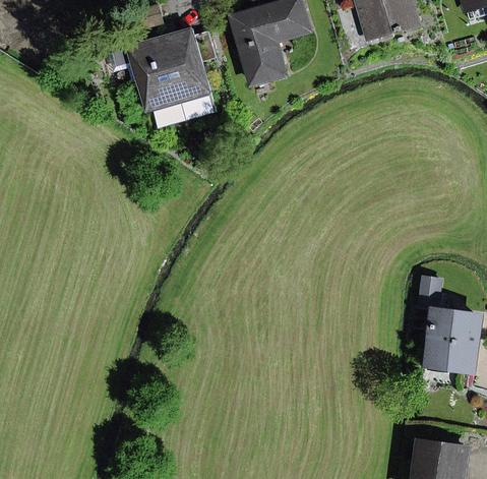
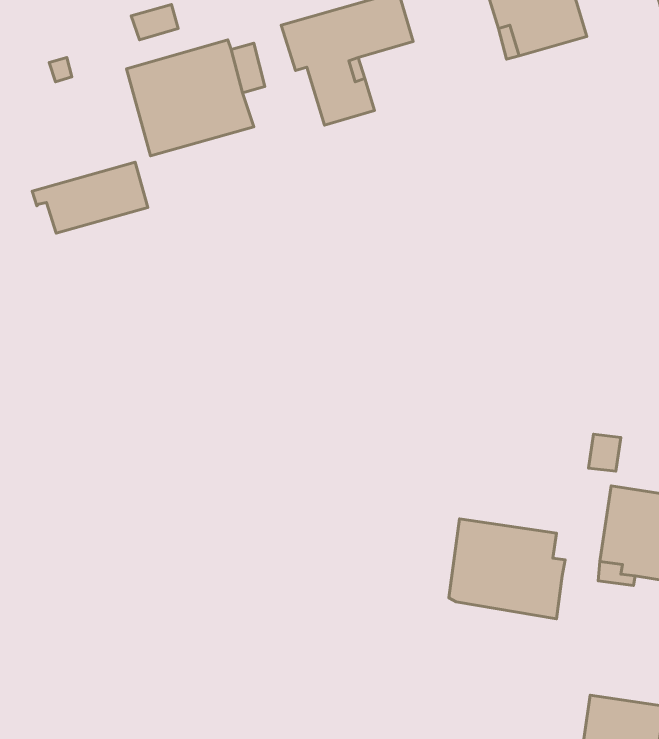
building: [142,82,216,127] -> [32,162,148,233]
building: none -> [449,519,565,619]

